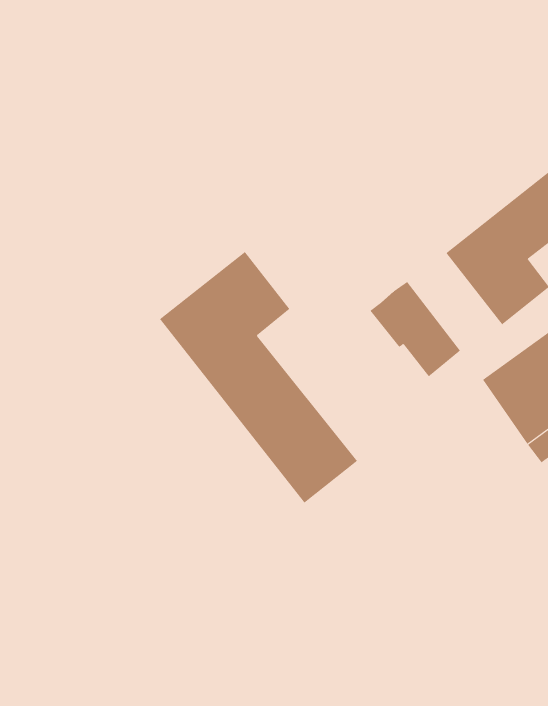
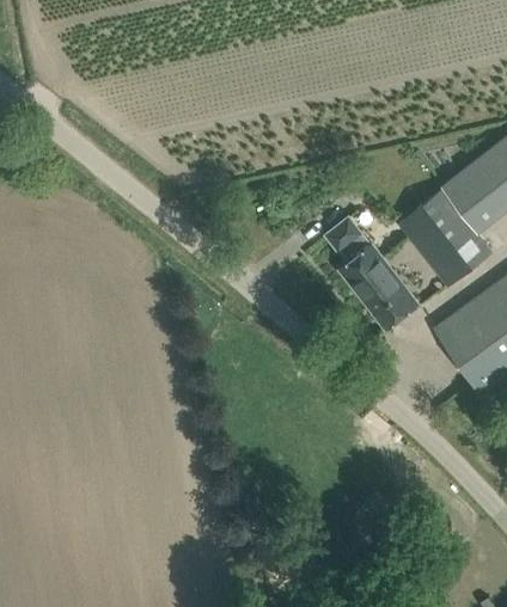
building: none -> [324,217,361,263]
building: [159,251,358,504] -> none

